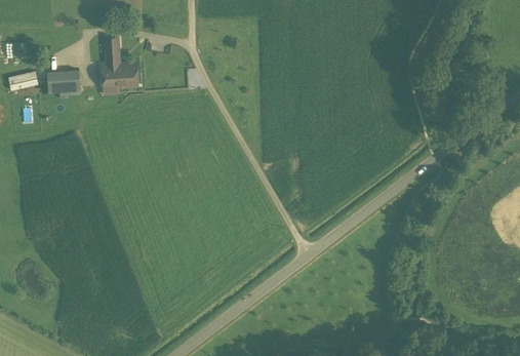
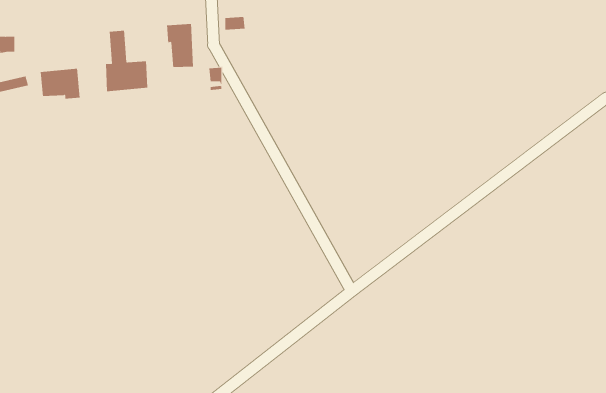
building: none -> [167,23,194,68]

